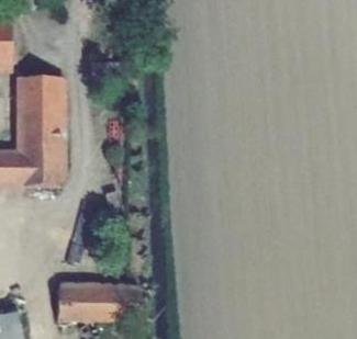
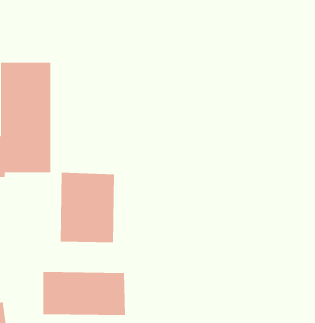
building: none -> [60,172,115,243]

